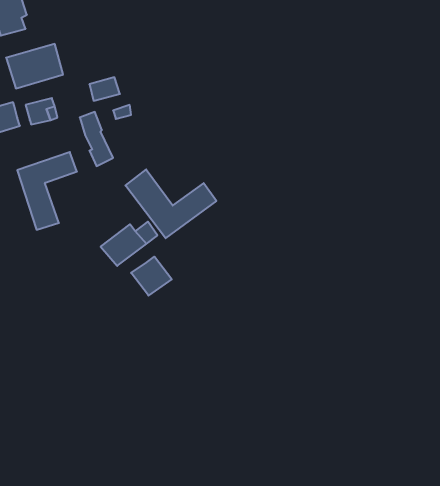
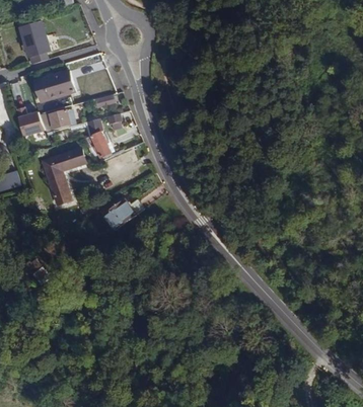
building: [125,169,216,238] -> none
building: [131,257,172,296] -> none

